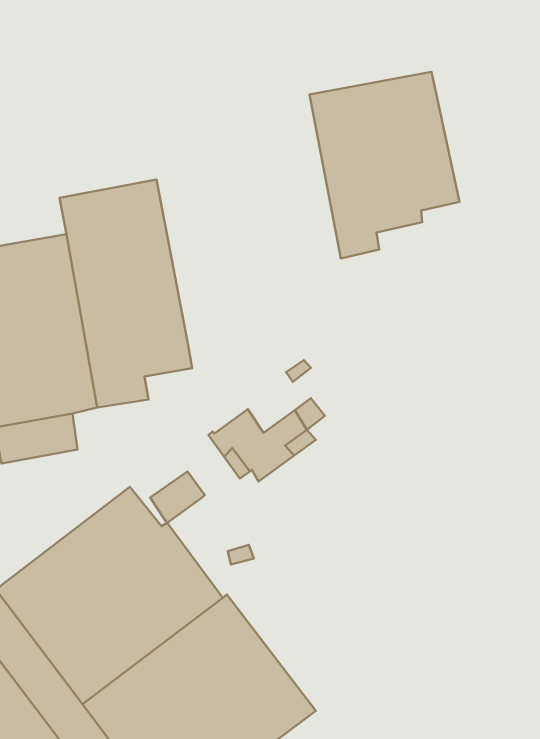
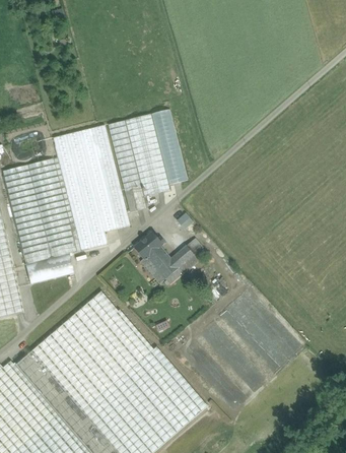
building: [310,72,459,258] -> [103,109,188,212]
building: [150,471,205,523] -> [133,232,162,260]

